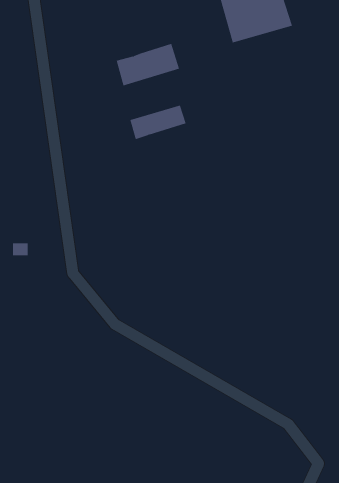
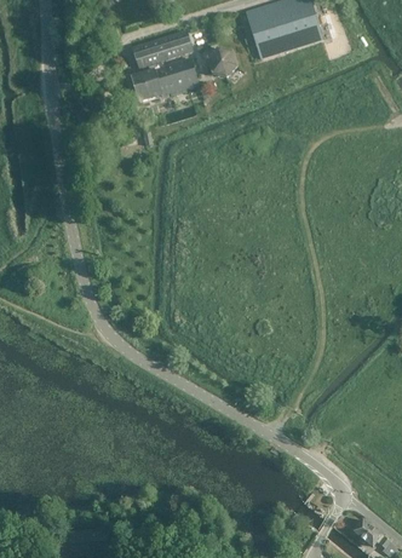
building: none -> [211,47,240,76]
building: [129,105,186,140] -> [137,31,196,68]

